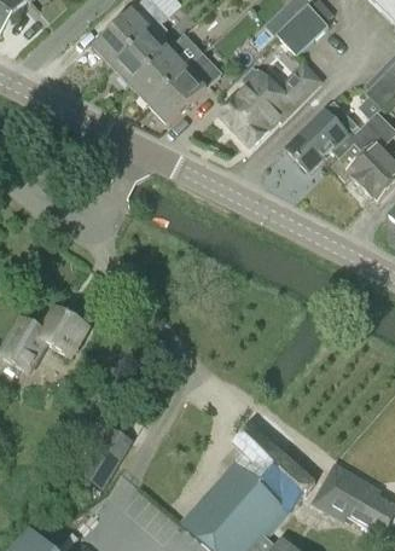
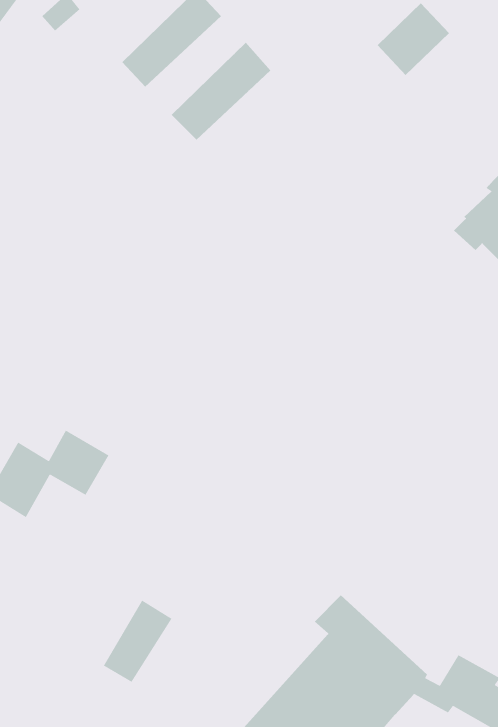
building: [112,13,175,83] -> none
building: [217,64,320,146] -> none
building: [149,66,213,122] -> none
building: [287,102,358,170] -> none

